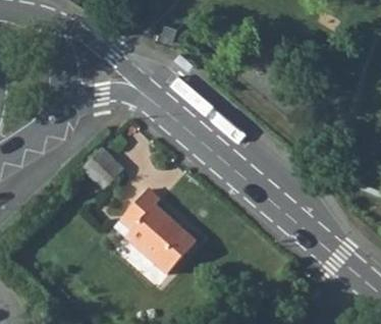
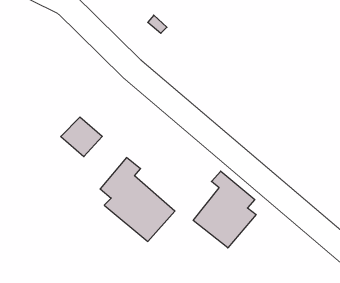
building: none -> [193,171,256,248]

